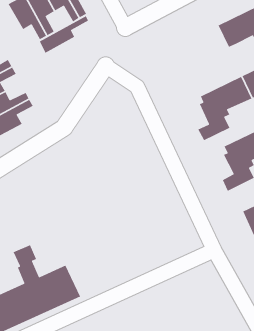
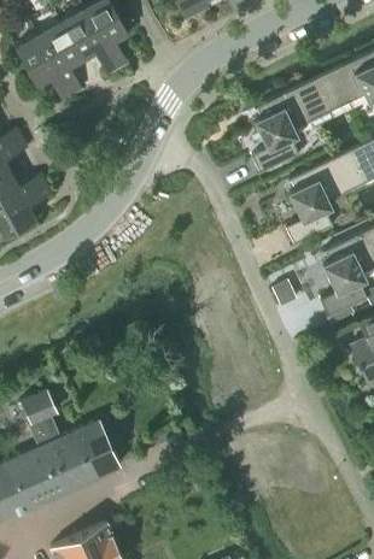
building: [39,15,89,54] -> none
building: none -> [251,80,329,175]

